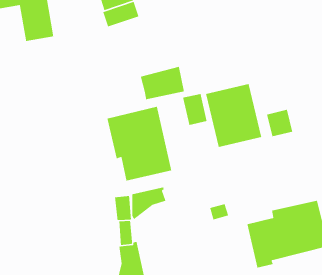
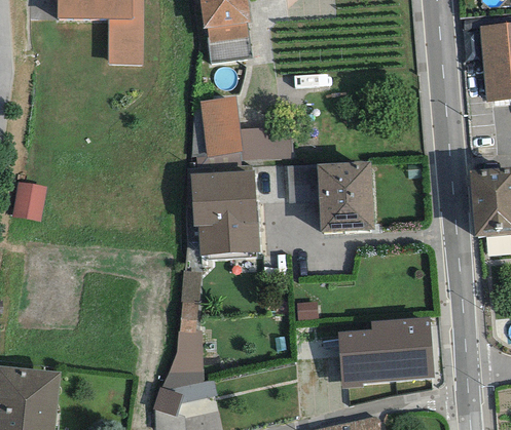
building: none -> [199,96,242,156]
building: [266,109,293,137] -> none
building: [131,186,166,220] -> none

